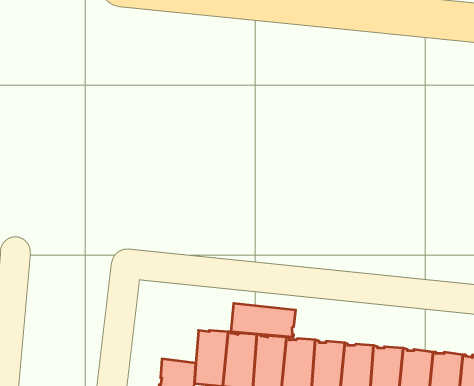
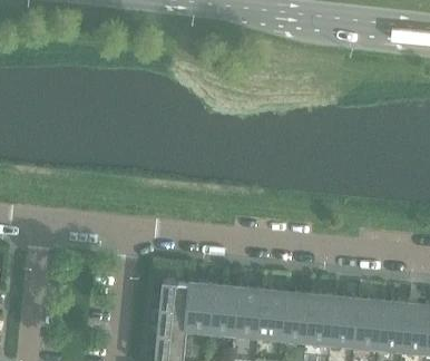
building: [231,303,296,337] -> none
building: none -> [159,281,189,311]

